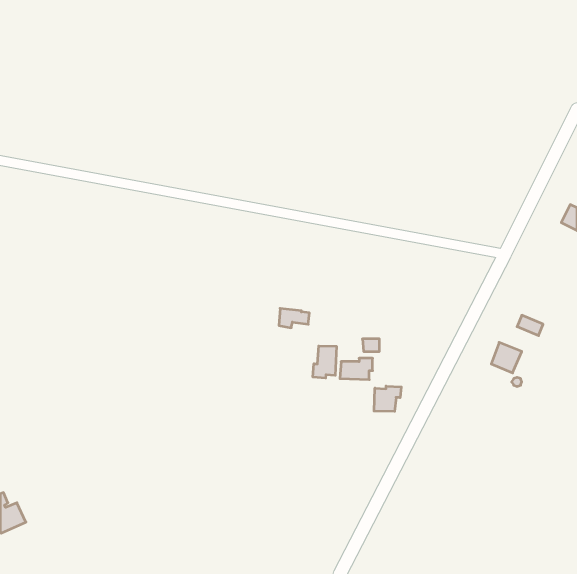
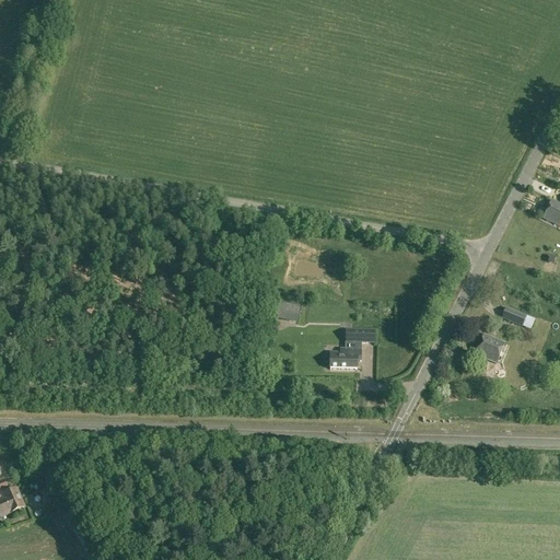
building: [313,346,336,378] -> none
building: [374,386,401,411] -> none

